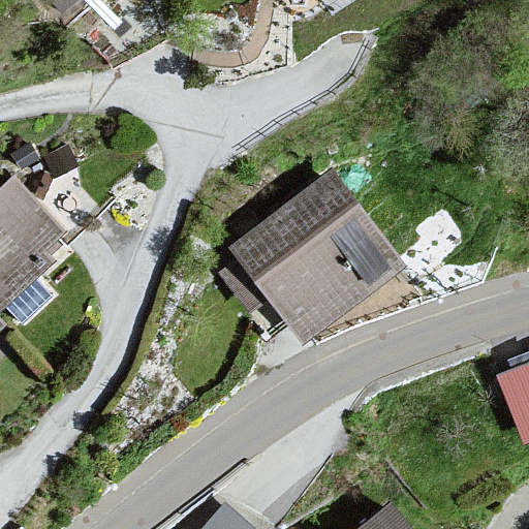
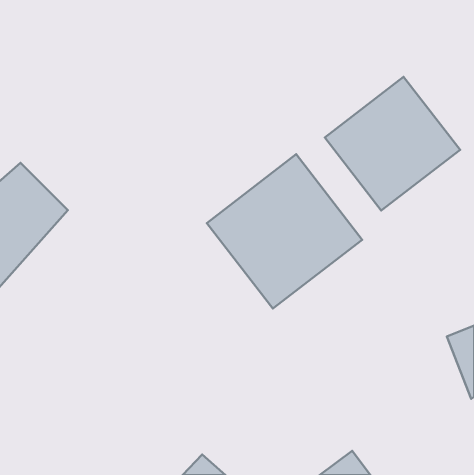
building: none -> [325,77,460,211]

